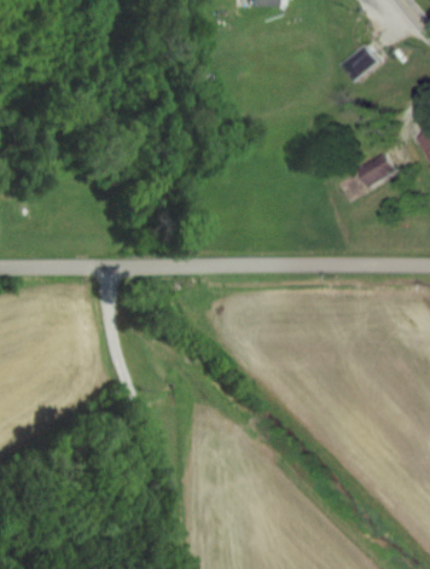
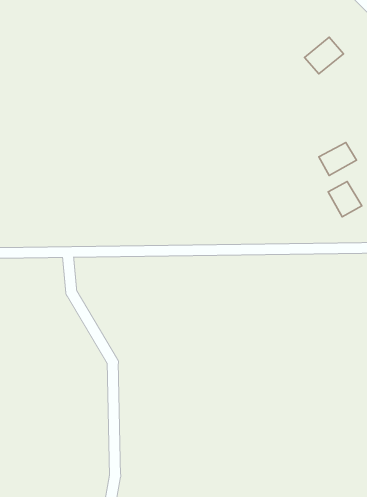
building: none -> [328,182,362,217]

